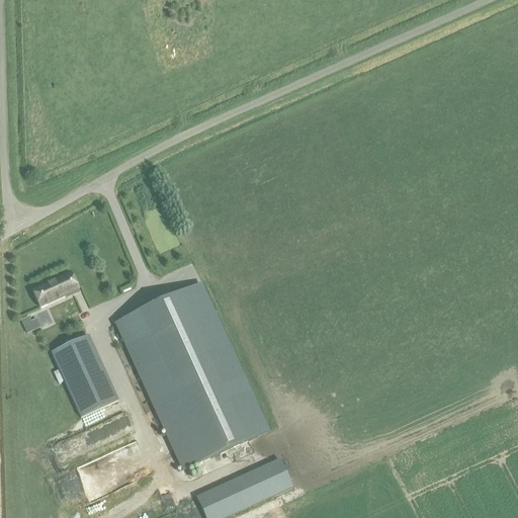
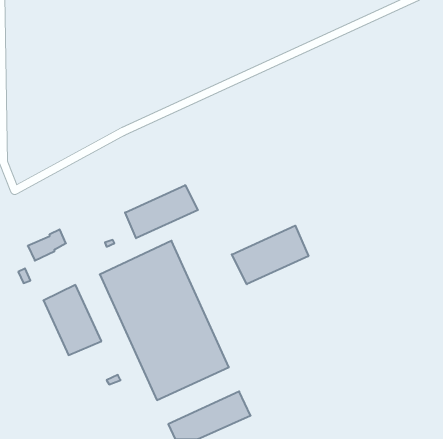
building: none -> [125,185,198,238]
building: none -> [232,226,308,284]

